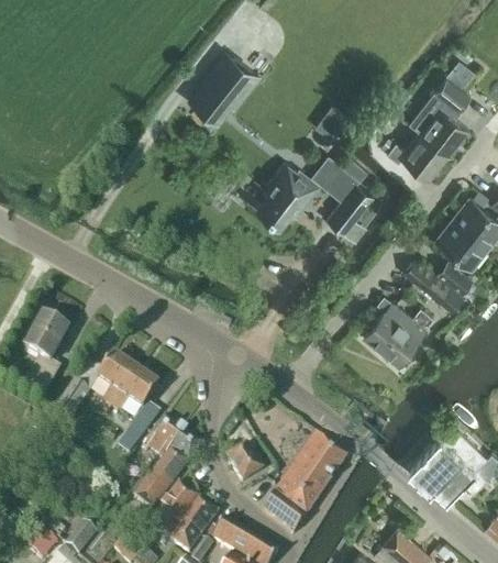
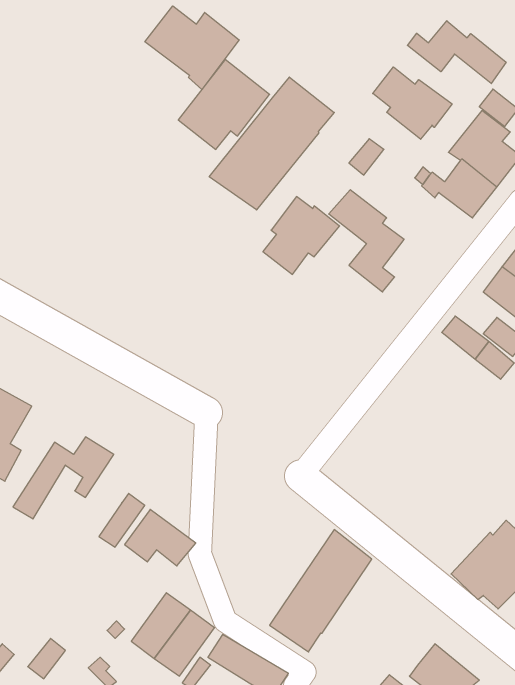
building: none -> [145,6,239,89]
building: none -> [407,21,506,84]
building: none -> [373,67,452,139]
building: none -> [209,77,334,210]
building: [364,296,433,363] -> none
building: [112,373,158,415] -> none
building: [226,445,263,484] -> none
building: [134,451,187,511] -> none

